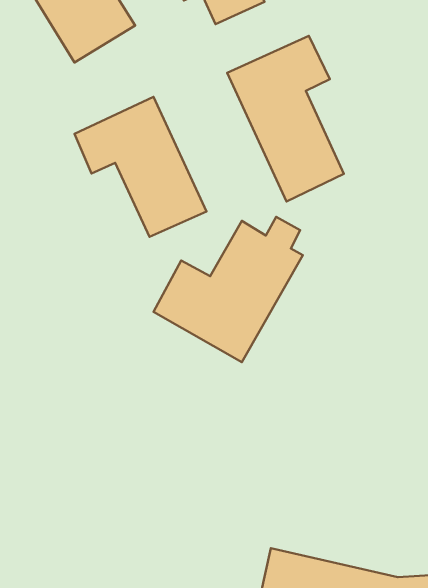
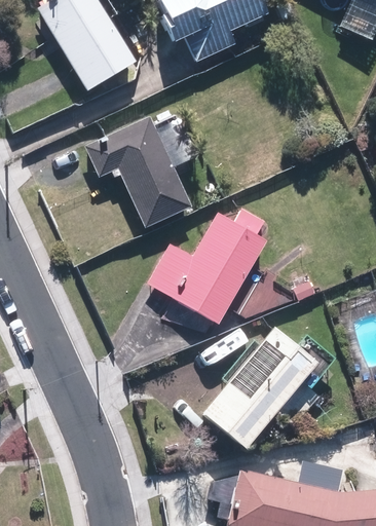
building: [227,36,344,201] -> none
building: none -> [198,328,332,447]

